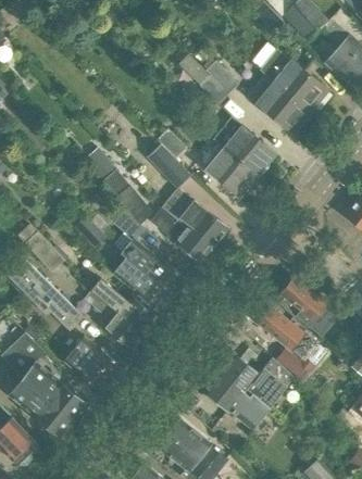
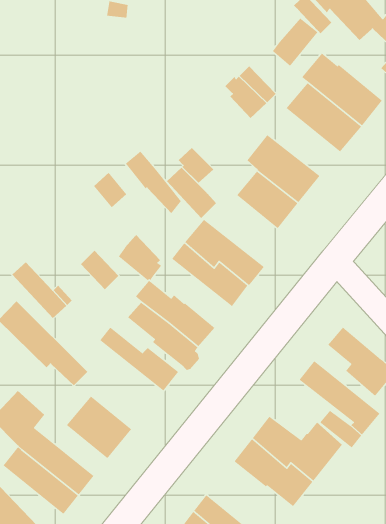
building: none -> [272,18,318,67]
building: [102,169,150,223] -> [125,151,182,214]
building: [84,290,143,349] -> none

